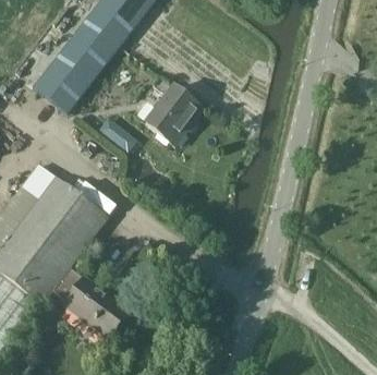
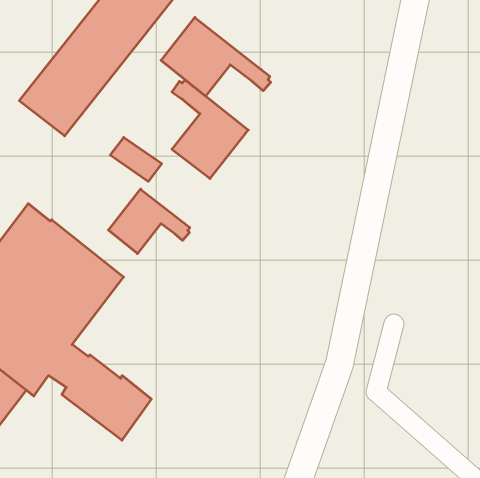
building: none -> [161,17,271,96]
building: none -> [108,189,190,254]

